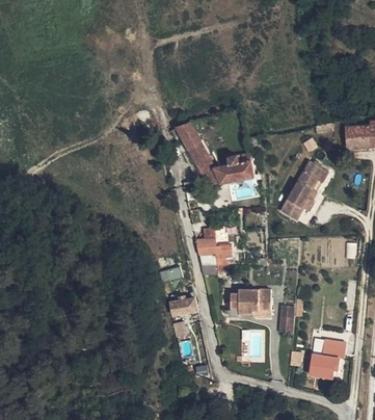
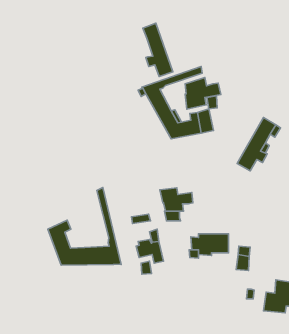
building: none -> [143,23,173,77]
building: none -> [185,77,221,109]
building: none -> [48,187,121,265]

